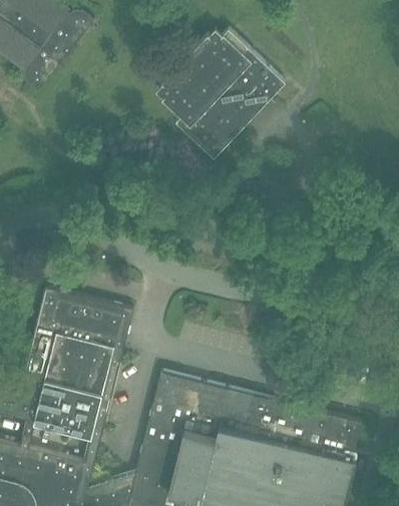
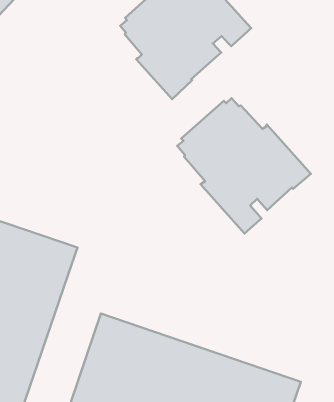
building: none -> [177,98,311,233]

